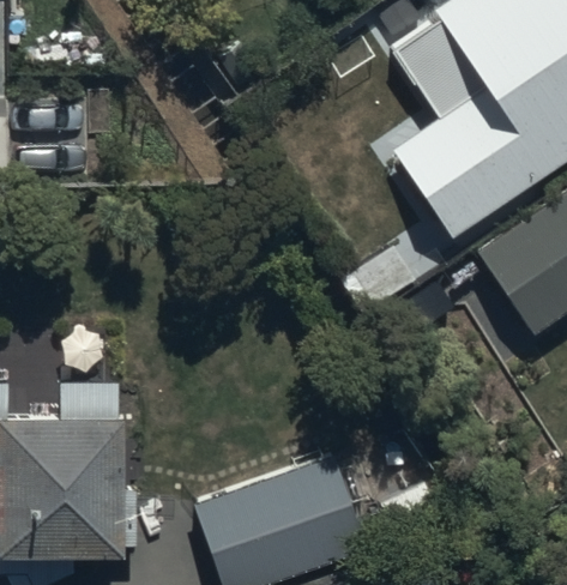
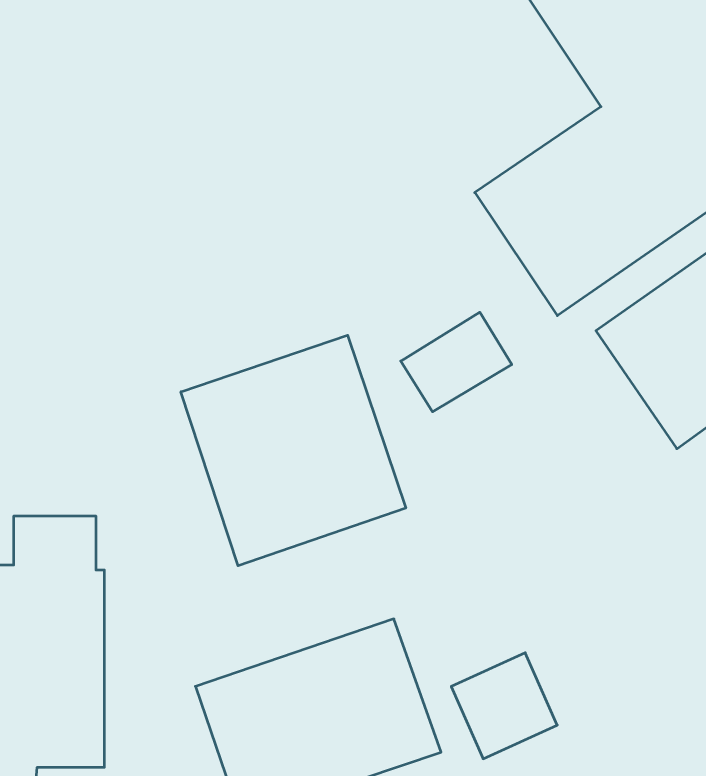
building: none -> [181,335,406,566]

